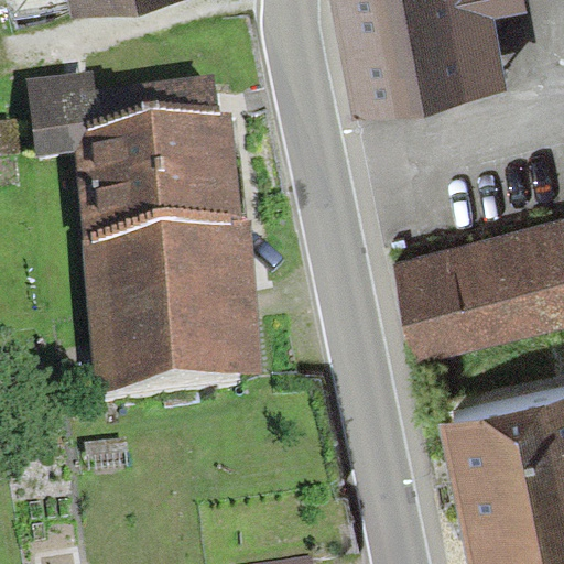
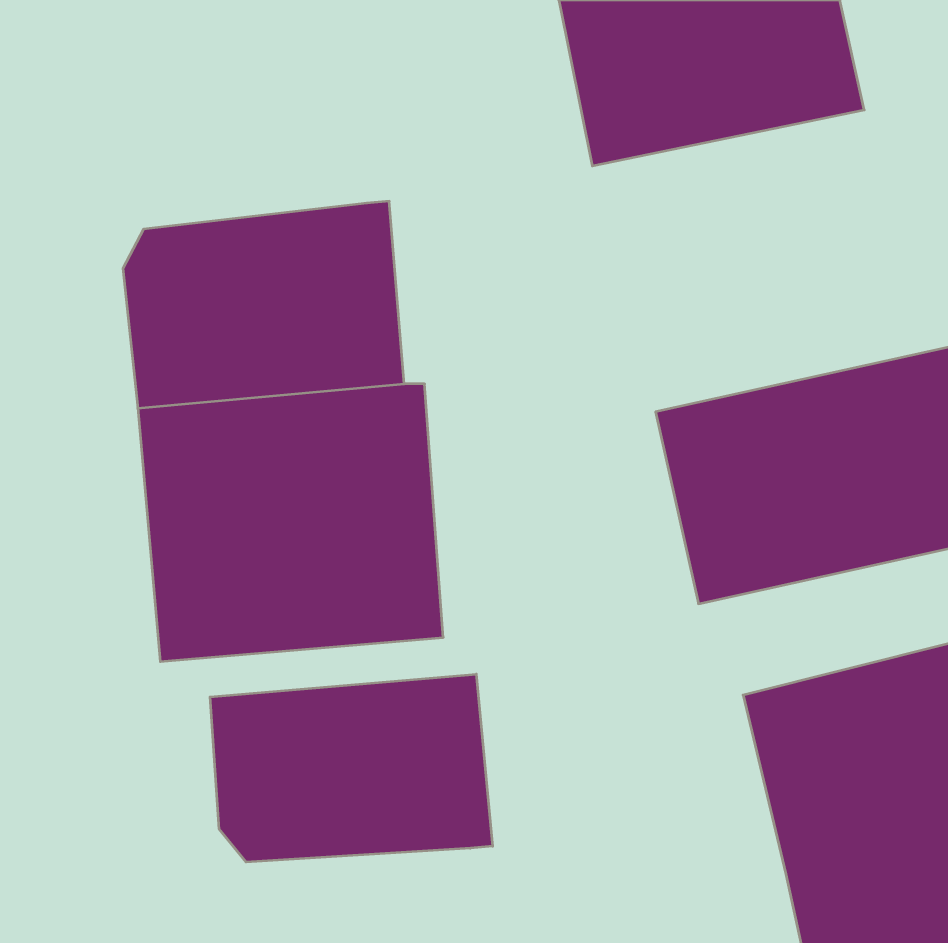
building: [35,82,219,164] -> none
building: none -> [210,674,493,862]

